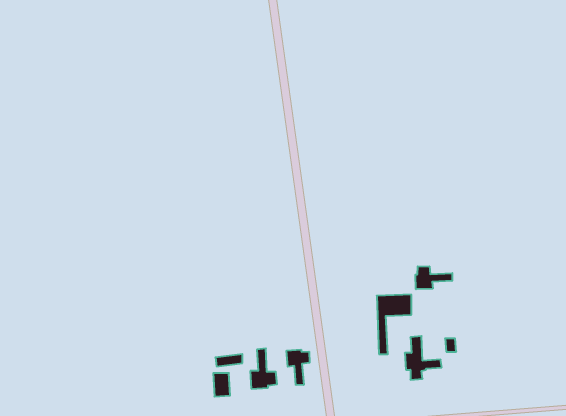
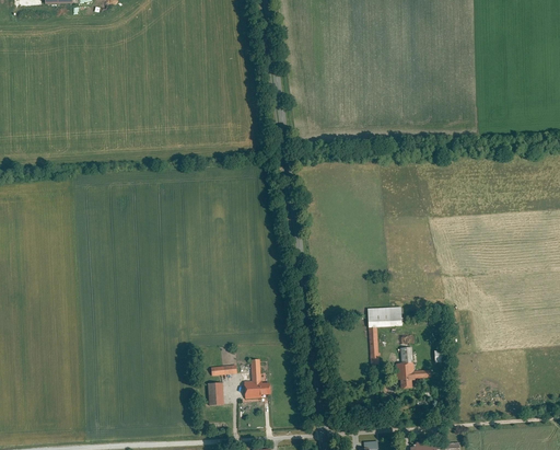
building: [415,266,452,289] -> none
building: [287,350,310,385] -> none

